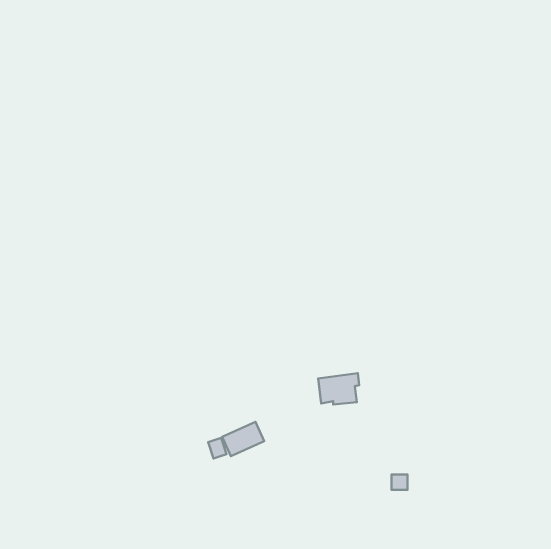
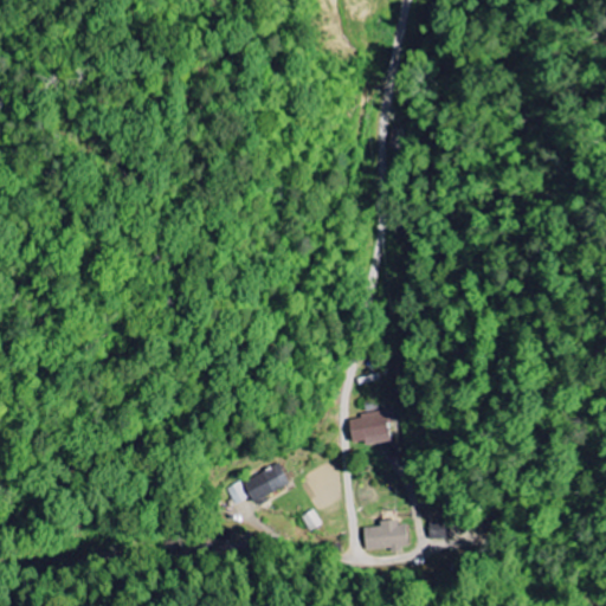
building: none -> [365,520,410,553]

